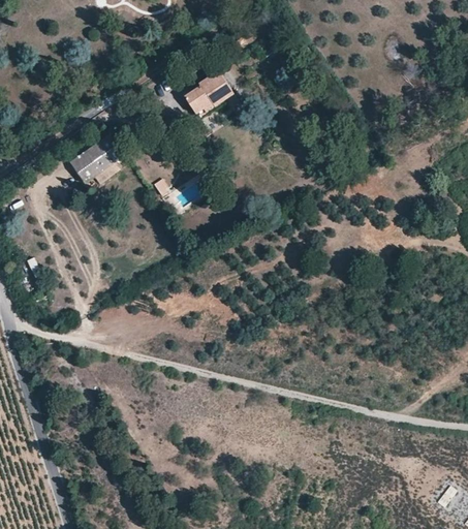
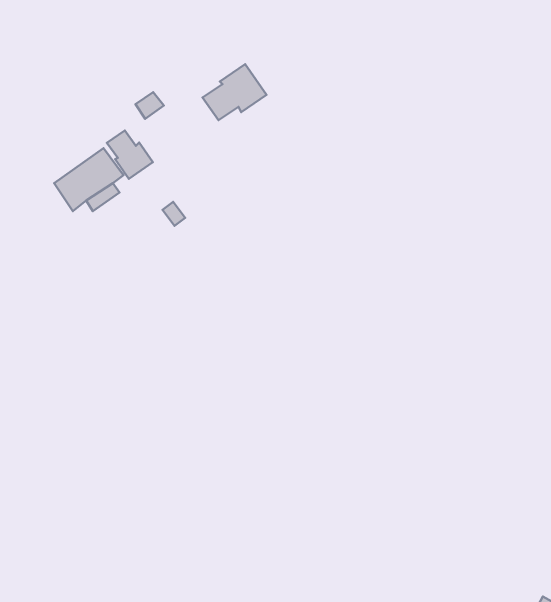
building: none -> [107,131,153,179]

